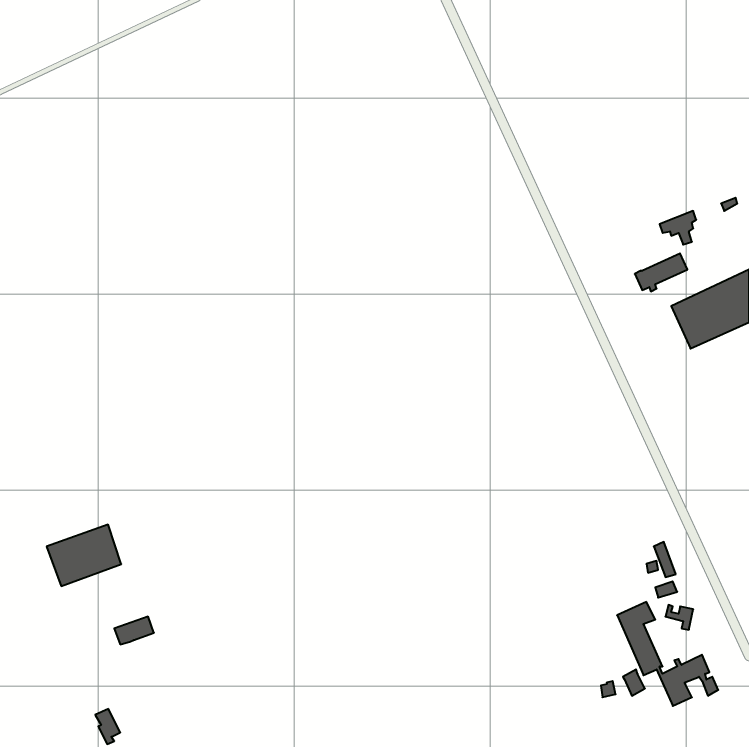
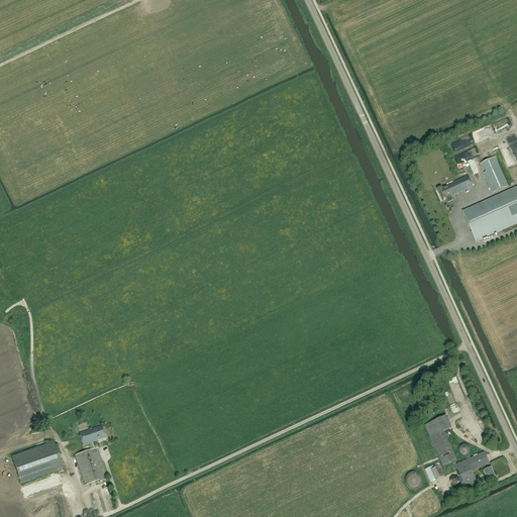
building: none -> [483,157,508,192]
building: [47,525,121,586] -> [11,440,63,483]
building: none -> [75,447,106,485]

